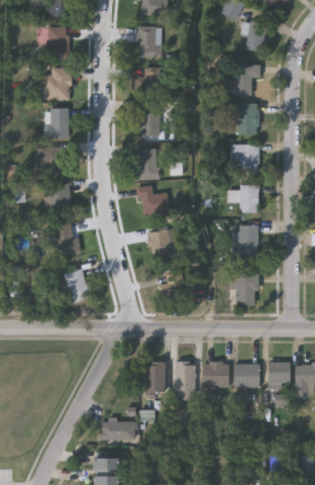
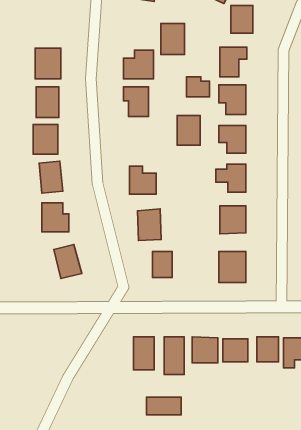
building: [44,25,67,58] -> none
building: [136,27,161,59] -> [161,24,185,54]
building: none -> [186,77,210,97]
building: [135,150,159,180] -> [177,115,200,145]
building: [100,420,135,439] -> [146,397,181,415]

